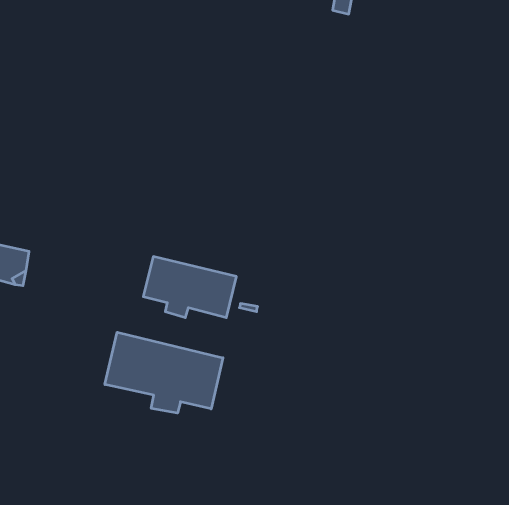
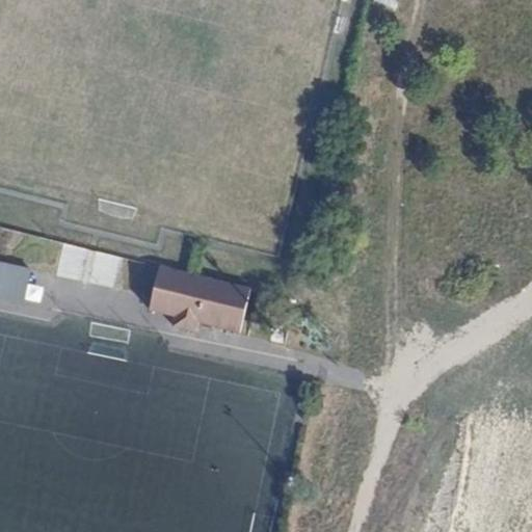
building: [105,332,223,413] -> none

